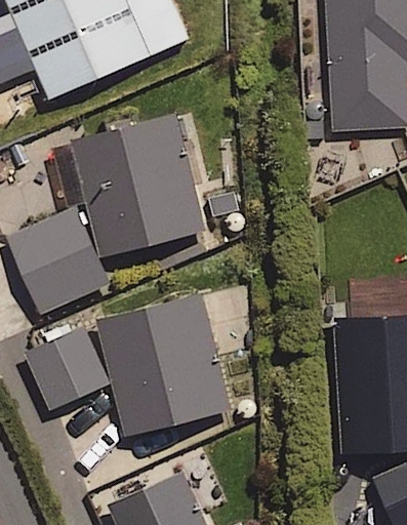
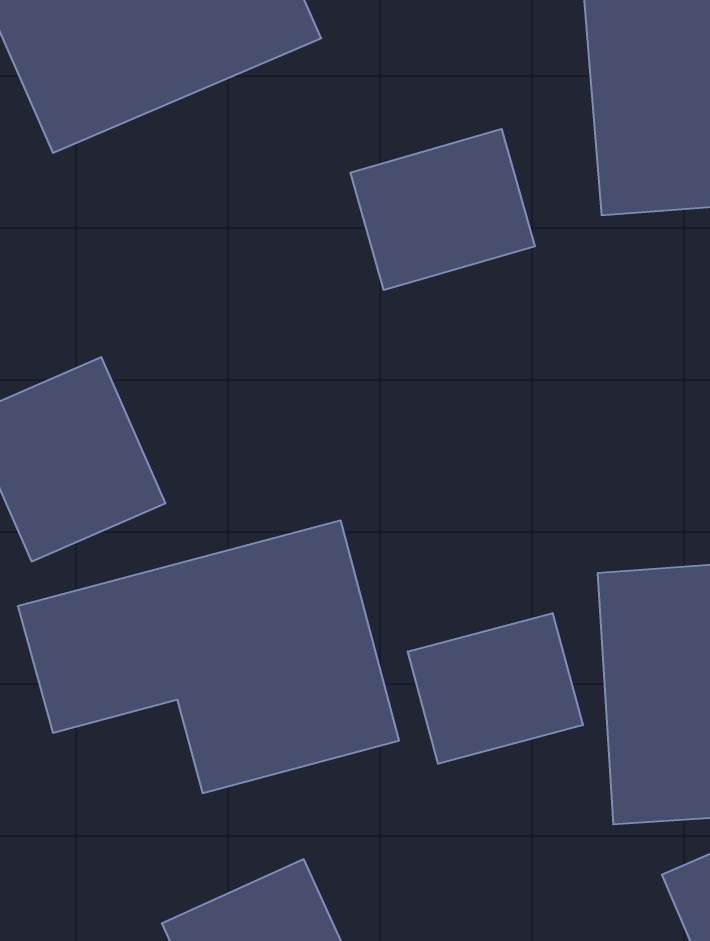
building: none -> [350,129,535,290]
building: [68,111,209,262] -> none
building: none -> [408,613,583,764]

